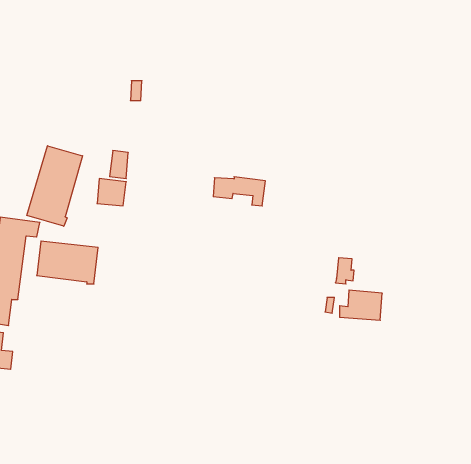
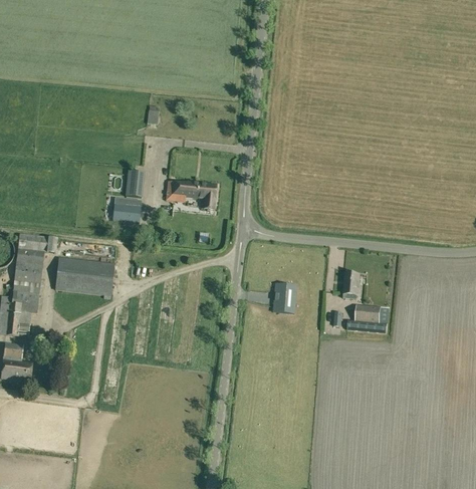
building: [27,146,83,226] -> none
building: [213,177,265,206] -> [166,180,216,208]
building: none -> [272,282,294,312]

